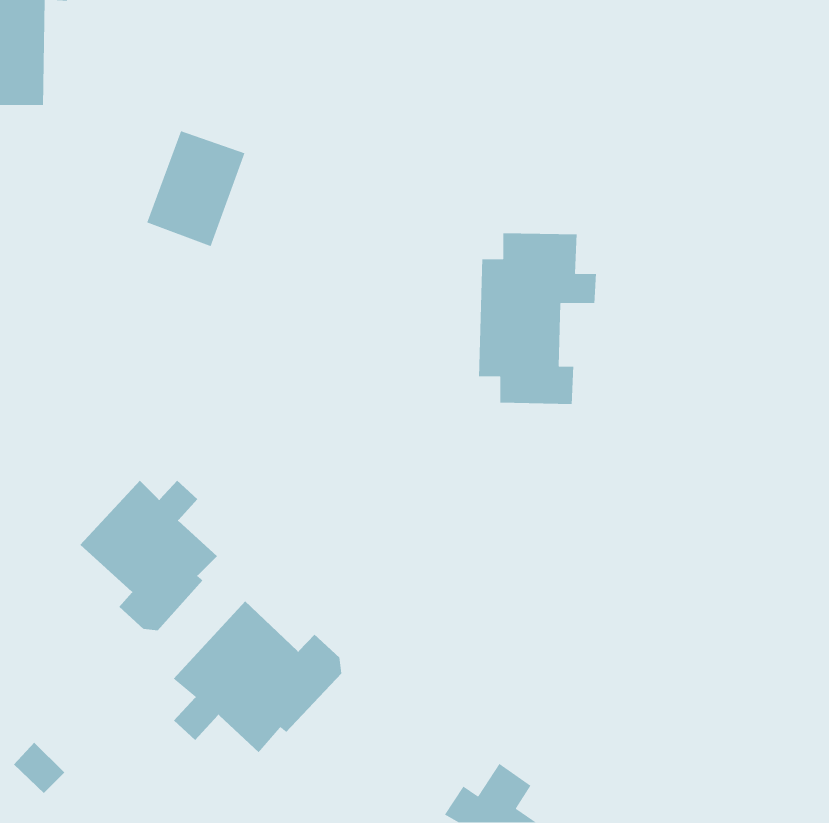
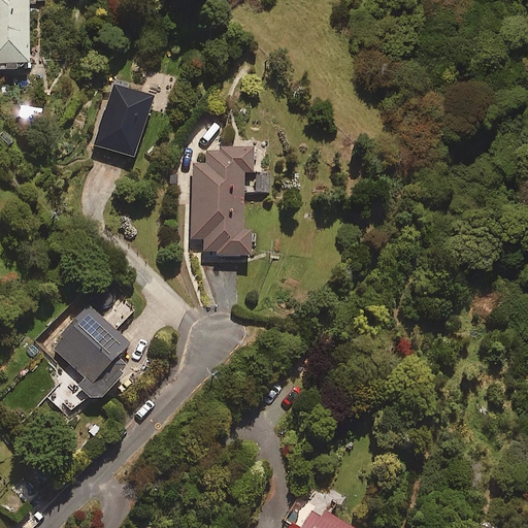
building: [478,232,597,405] -> [191,146,266,256]
building: [173,601,342,753] -> none

